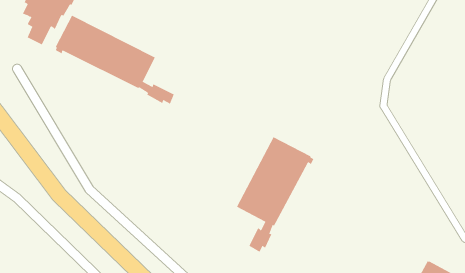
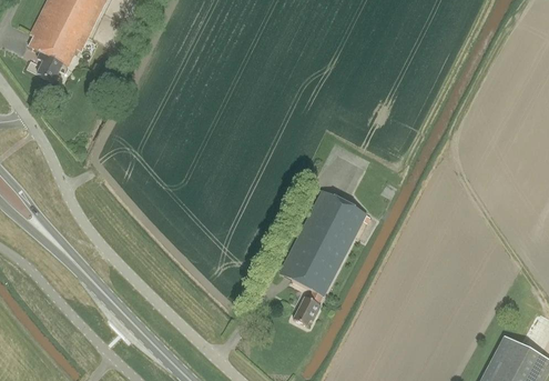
building: [55,15,175,104] -> none

